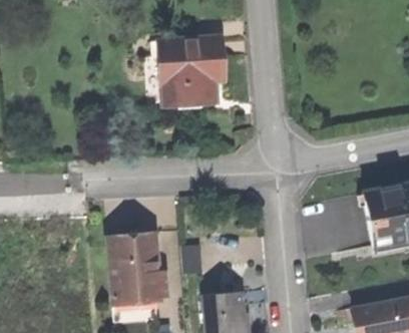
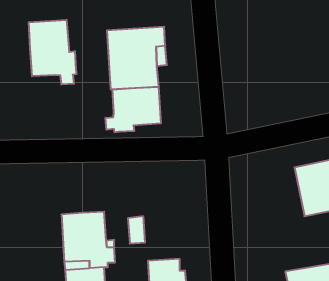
building: none -> [29,20,76,85]
building: none -> [106,87,161,132]

